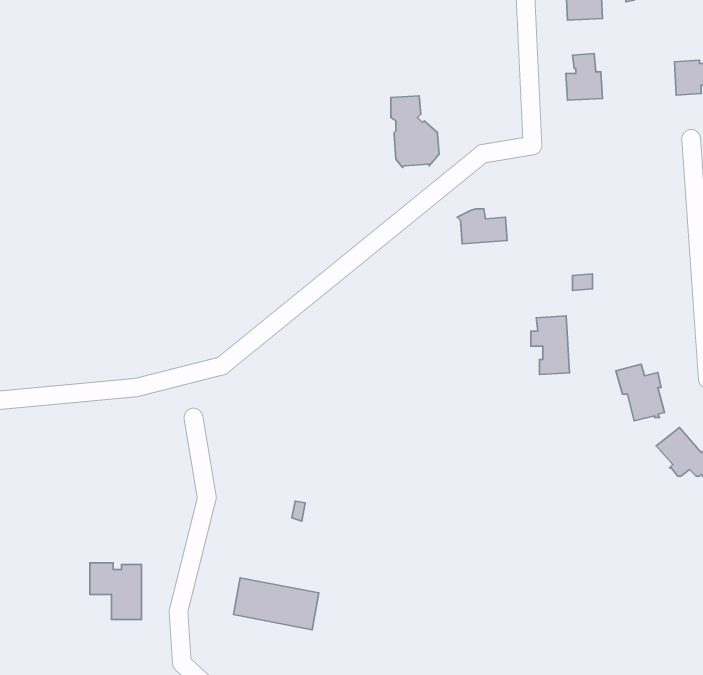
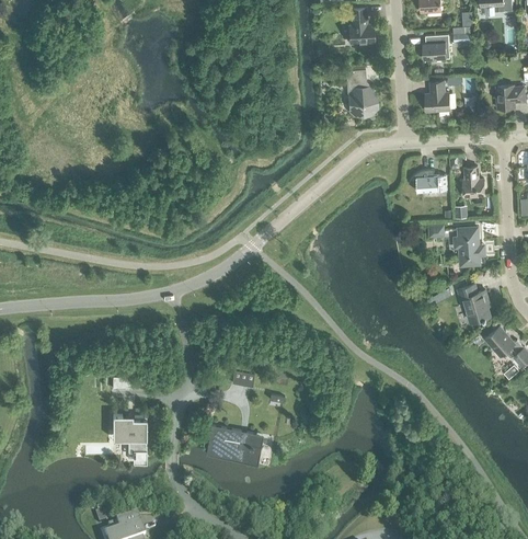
building: [391,96,439,168] -> [346,70,378,117]
building: none -> [462,167,484,197]
building: [457,209,507,244] -> [414,170,447,193]
building: [531,316,569,374] -> [455,228,480,266]

